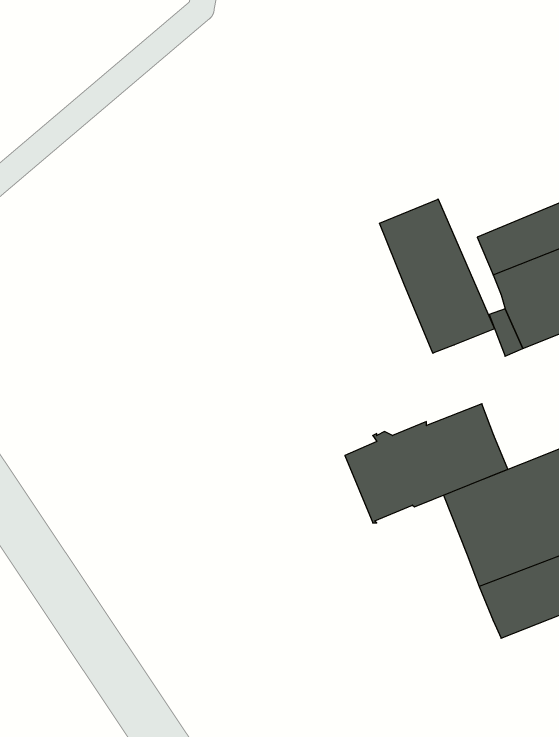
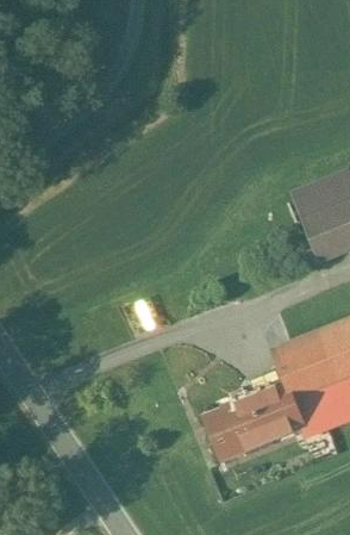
building: [380,199,495,353] -> none
building: [345,404,508,523] -> [202,385,300,456]

